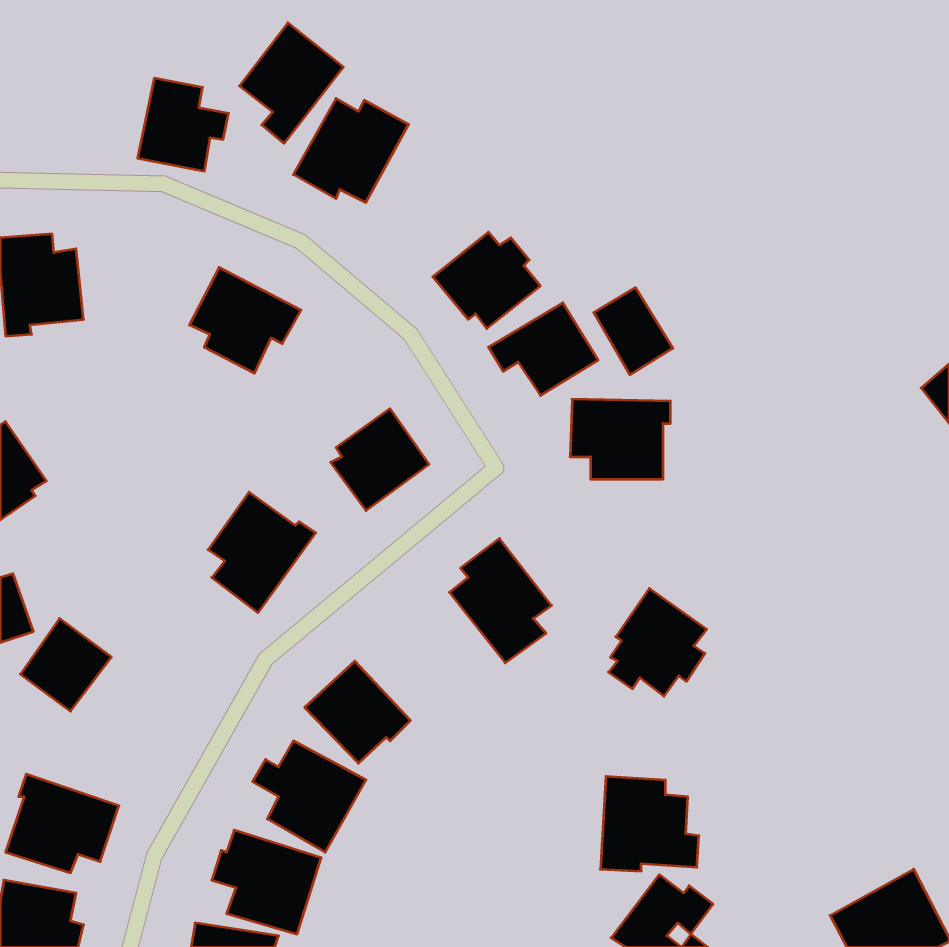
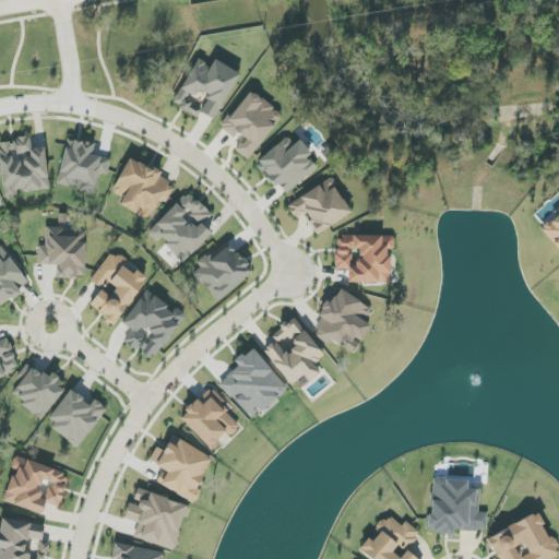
building: [239,23,343,143] -> [222,88,283,159]
building: [138,78,229,171] -> [57,138,110,192]
building: [594,288,673,375] -> none
building: none -> [150,191,212,262]
building: none -> [38,228,85,277]
building: none -> [90,250,146,324]
building: [608,588,707,696] -> [314,286,372,349]
building: none -> [218,347,288,417]
building: none -> [46,389,107,447]
building: [600,776,699,871] -> [429,477,487,533]

